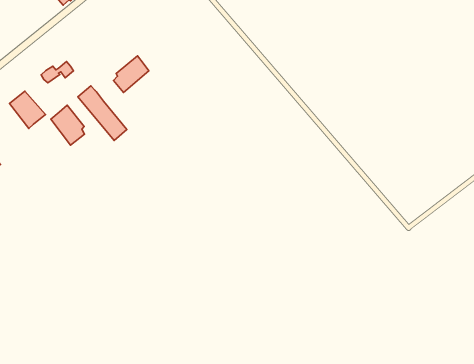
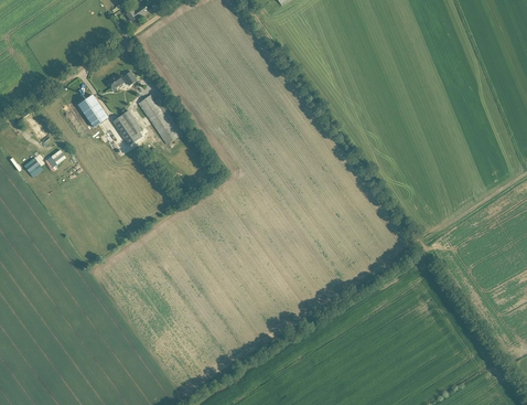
building: [114,56,149,92] -> none

